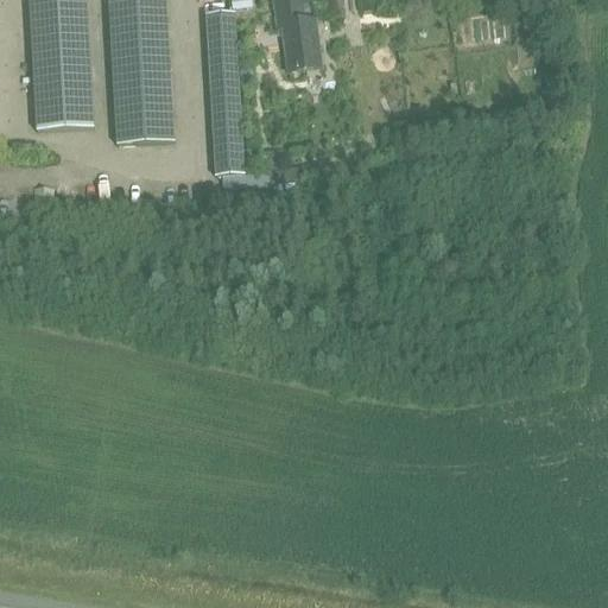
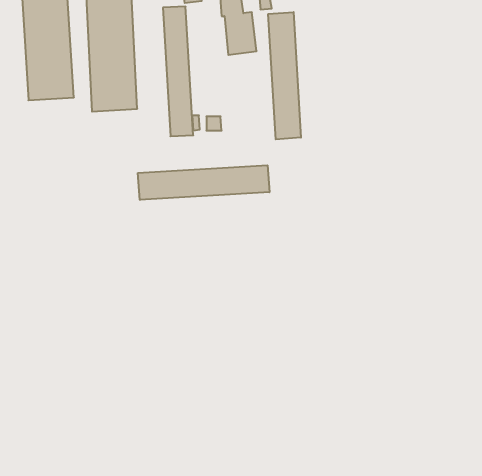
building: none -> [268,12,301,139]
building: none -> [138,165,269,200]

